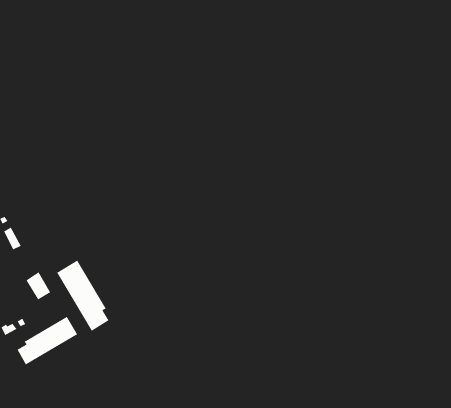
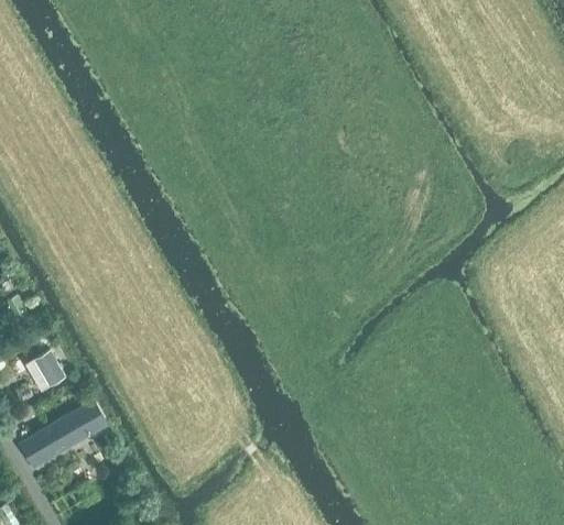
building: [56,259,109,332] -> none

